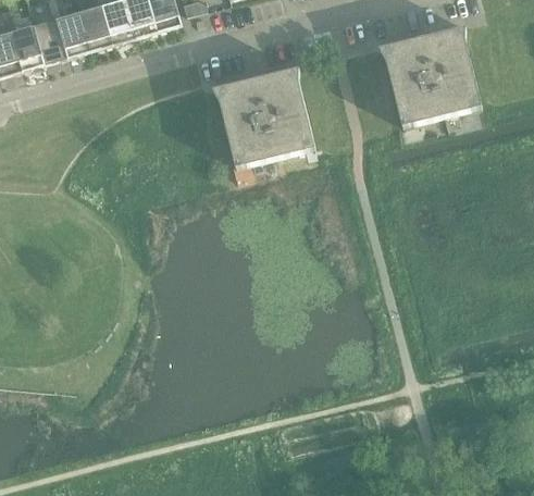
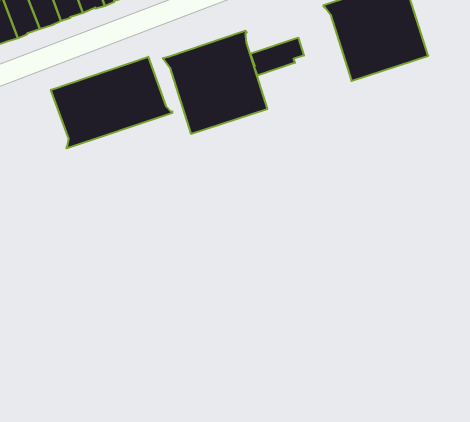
building: none -> [250,38,304,76]
building: none -> [51,57,172,148]

